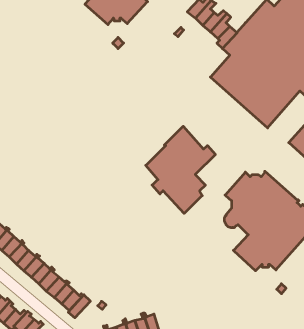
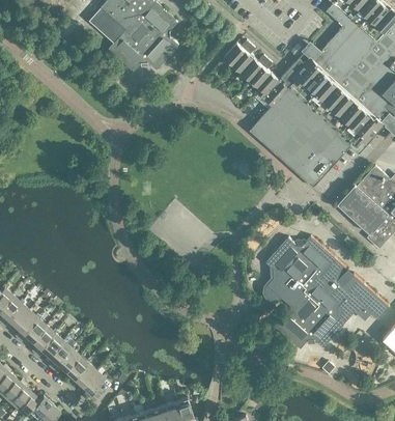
building: [146,126,215,213] -> none

